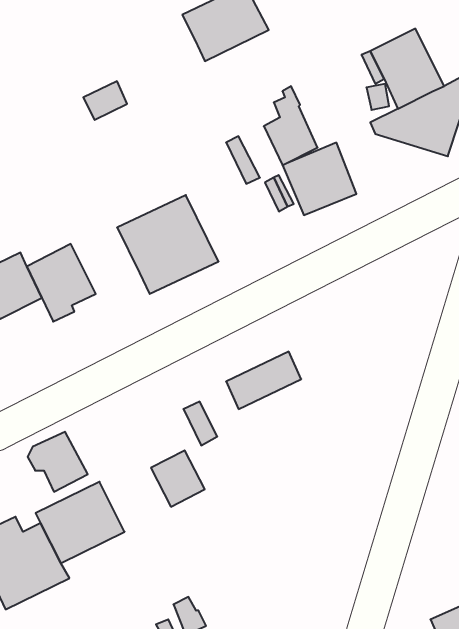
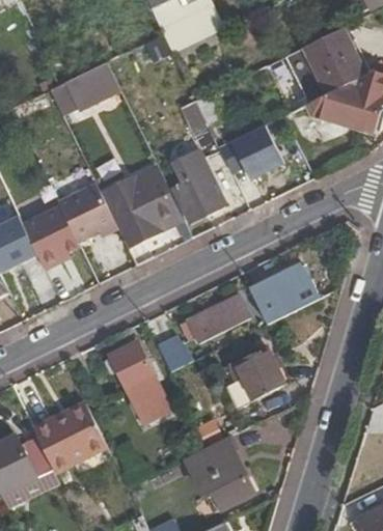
building: [264,86,318,165] -> [173,157,218,222]
building: none -> [57,183,116,241]
building: none -> [248,263,318,325]
building: none -> [225,345,284,400]
building: [28,432,88,492] -> [104,341,154,391]
building: none -> [188,434,254,506]

